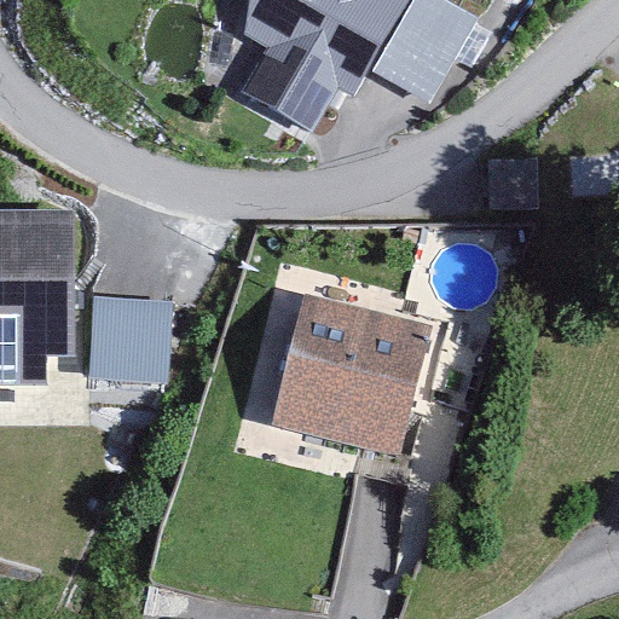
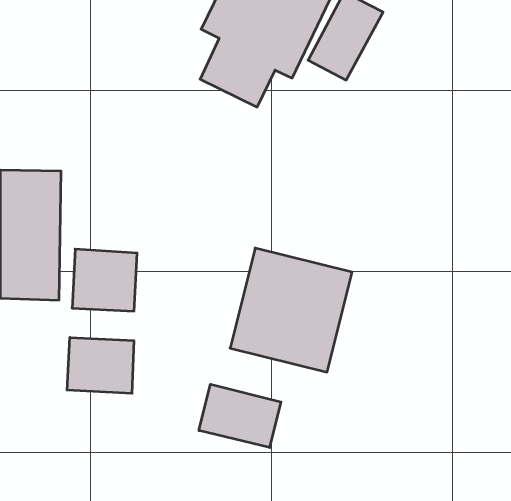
building: none -> [67,337,134,393]
building: none -> [199,384,281,448]

